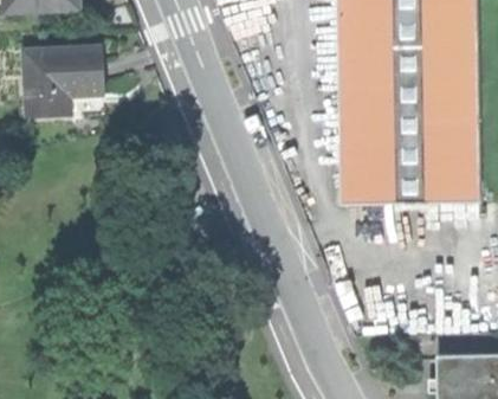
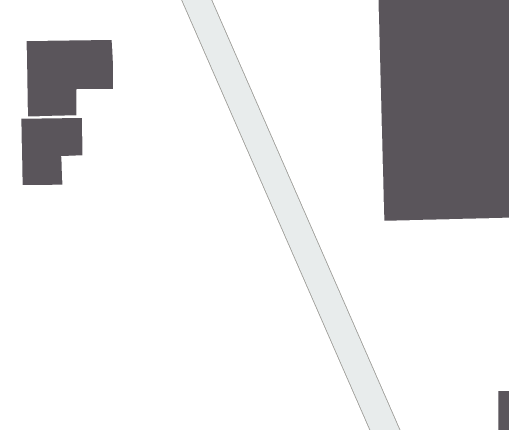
building: none -> [21,117,83,186]

